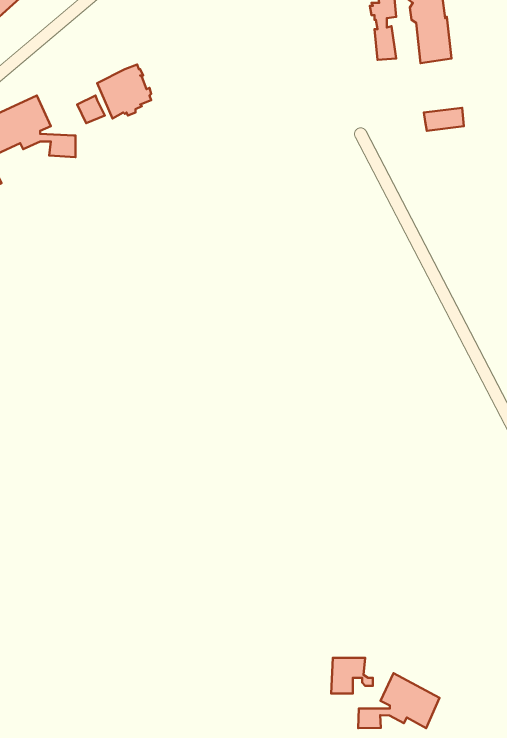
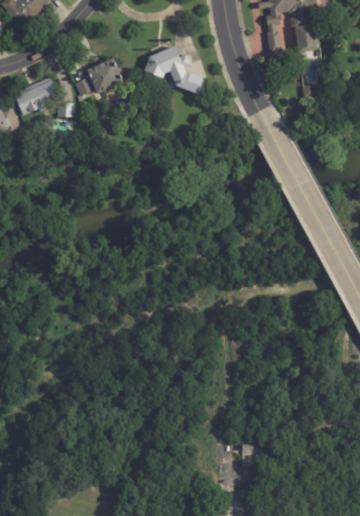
building: none -> [143,44,205,94]
building: [358,673,439,728] -> none

